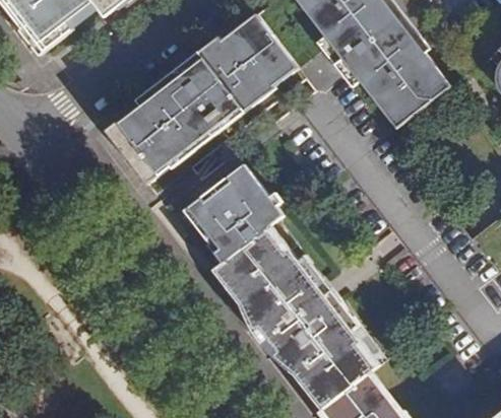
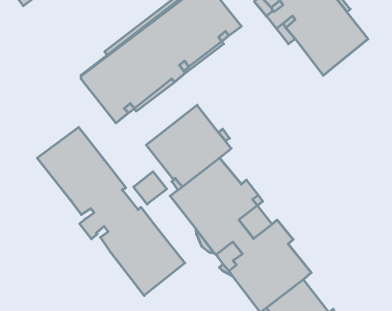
building: none -> [37,127,185,296]
building: none -> [134,172,167,204]

